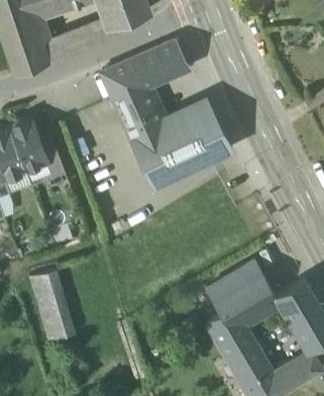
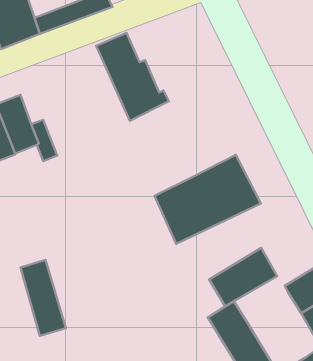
building: [130,41,190,88] -> none
building: [133,104,232,187] -> [155,155,261,244]
building: [230,287,281,326] -> none

